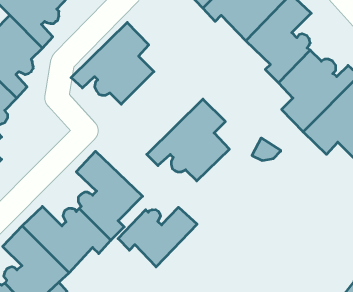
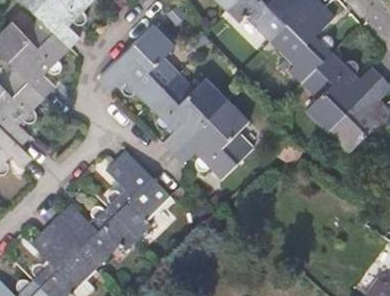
building: none -> [147,71,228,153]
building: [118,207,197,267] -> none

